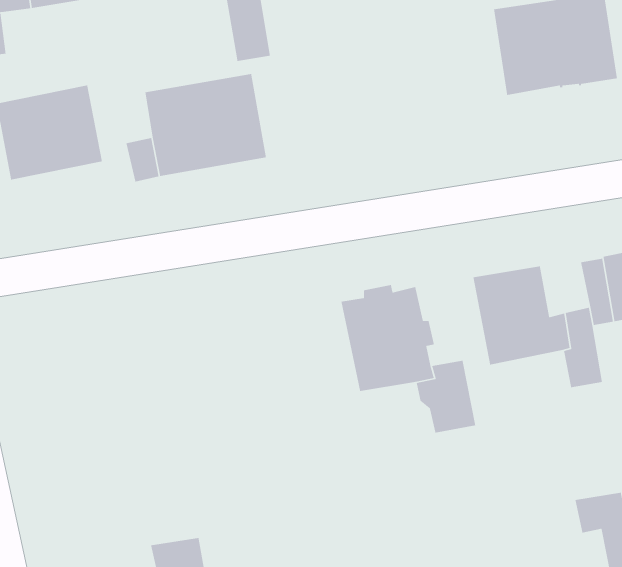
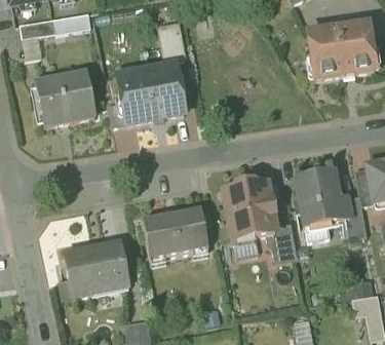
building: none -> [143,207,209,258]
building: none -> [65,243,129,297]

